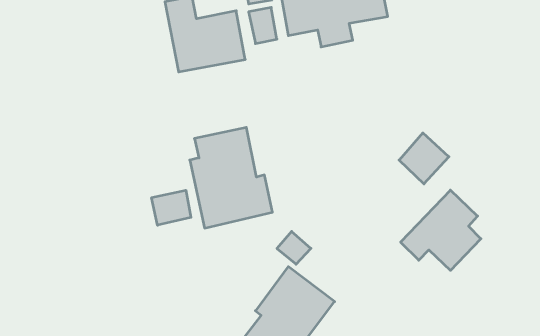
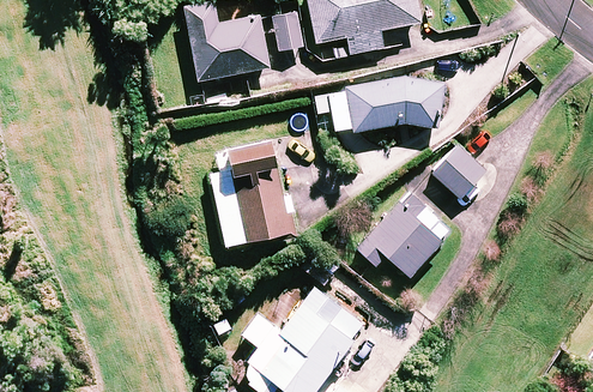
building: none -> [343,77,446,133]
building: [401,190,481,270] -> [356,191,441,276]
building: [152,190,191,225] -> none

